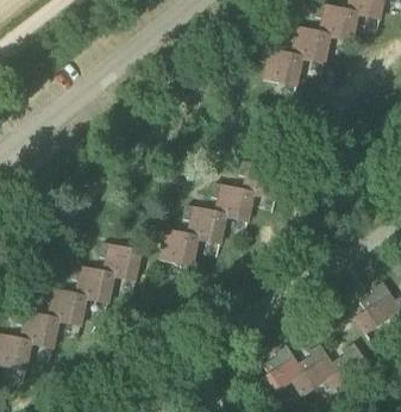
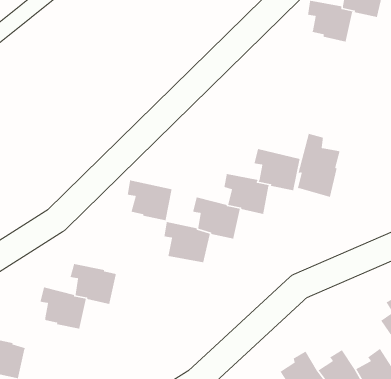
building: [261,48,302,87] -> none
building: none -> [297,133,340,198]
building: [100,243,142,281] -> [127,180,173,221]
building: [17,310,59,349] -> none

